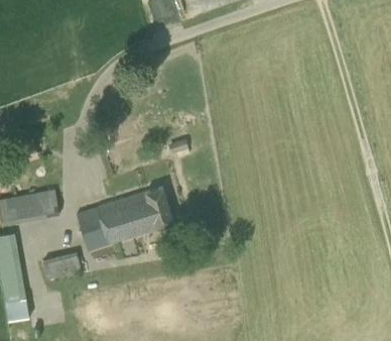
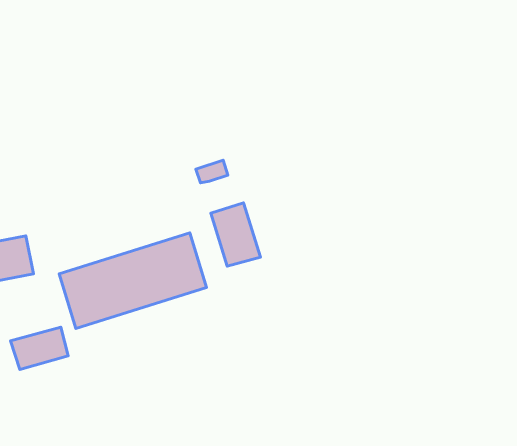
building: none -> [211,203,261,266]

